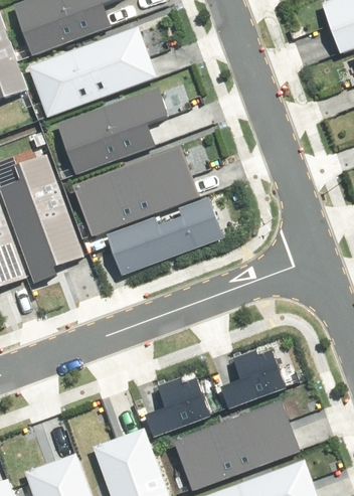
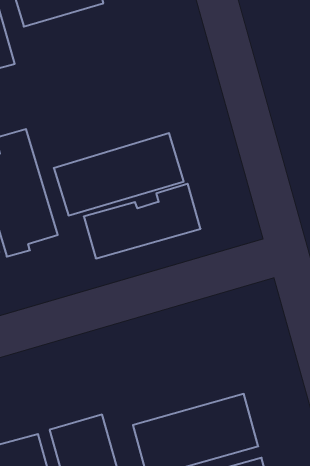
building: [30,27,158,116] -> none
building: [57,87,169,171] -> none
building: [217,351,278,411] -> none
building: [151,373,211,434] -> none

